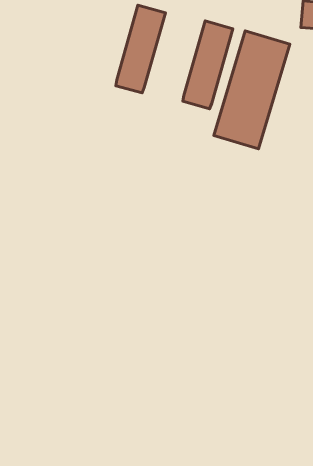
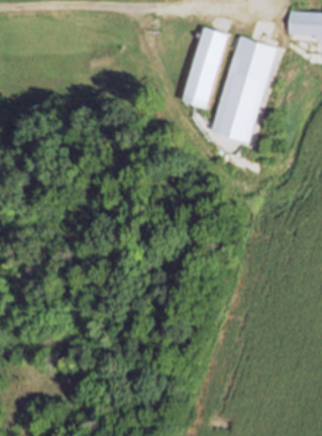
building: [116,5,165,93] -> none

